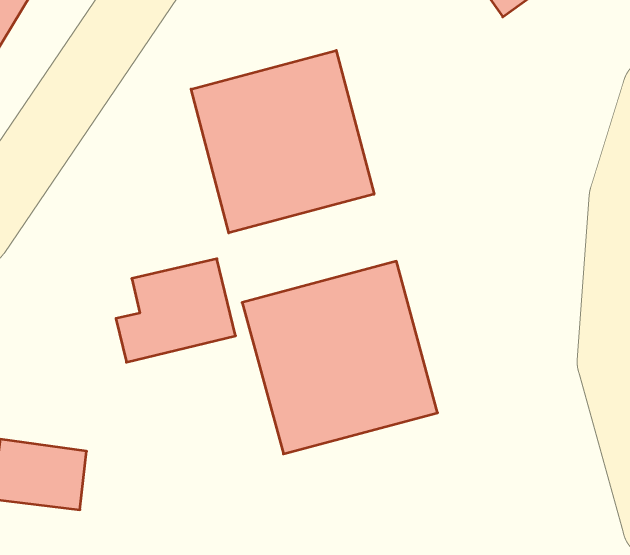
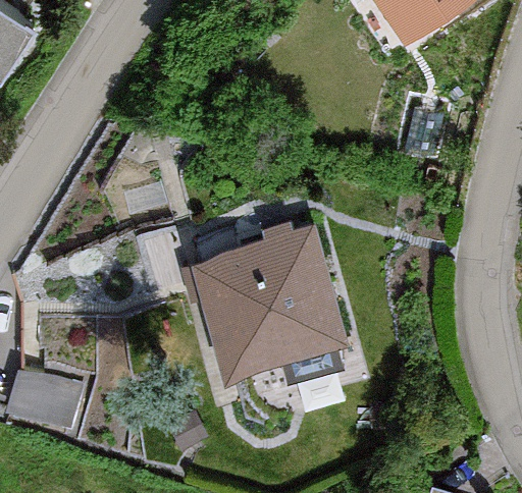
building: [191,50,374,233] -> none

